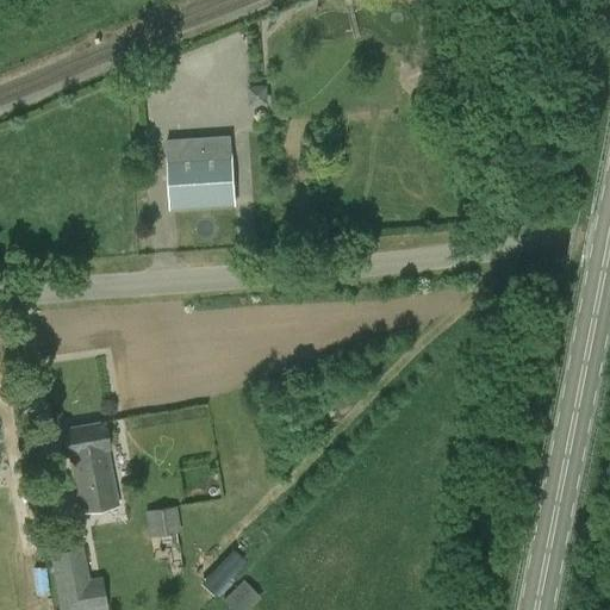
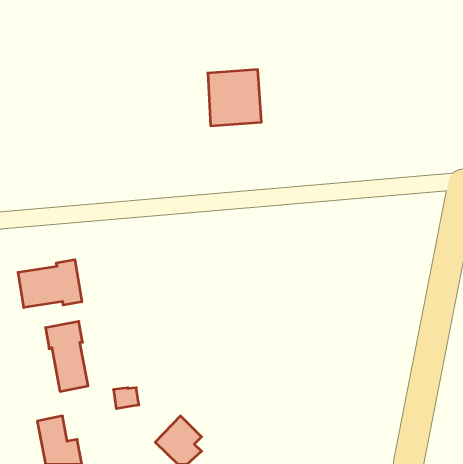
building: [166,136,236,210] -> [208,70,261,126]
building: none -> [18,260,82,308]

